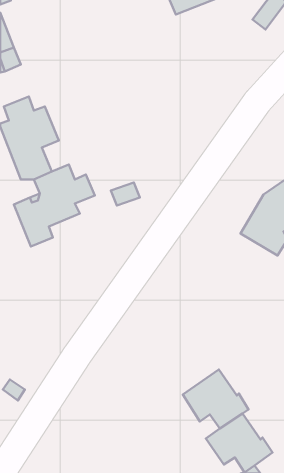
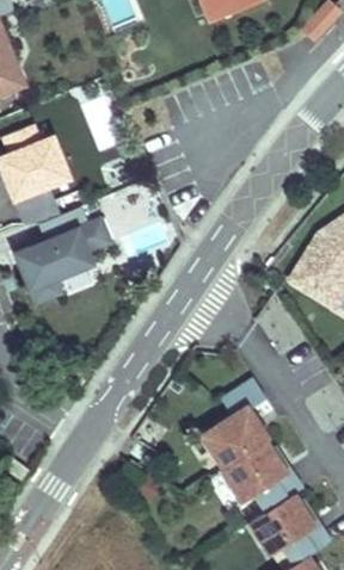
building: none -> [198,383,265,473]

